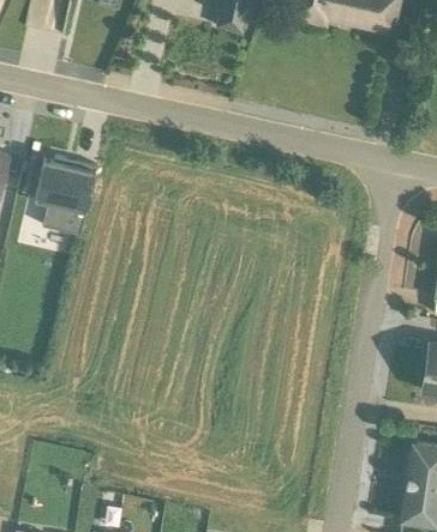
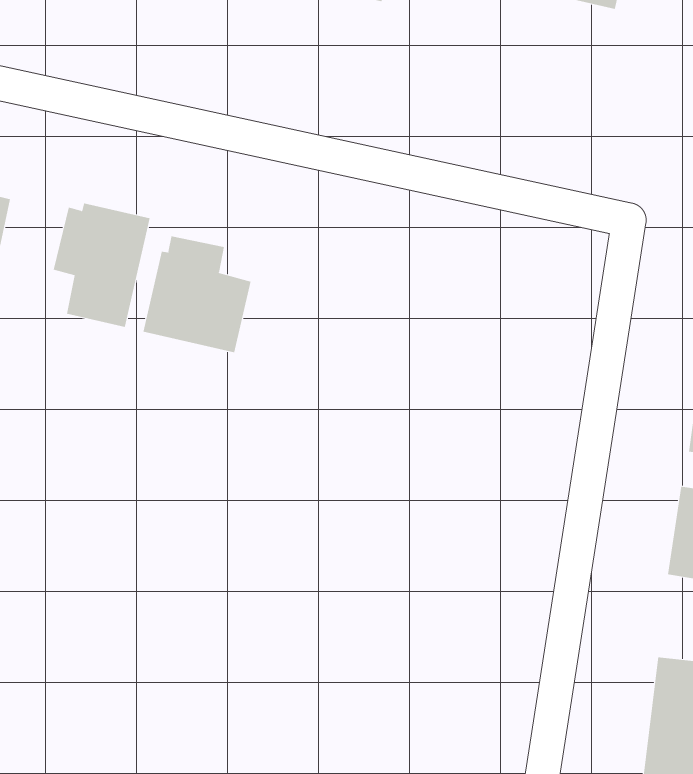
building: none -> [143,235,251,353]

